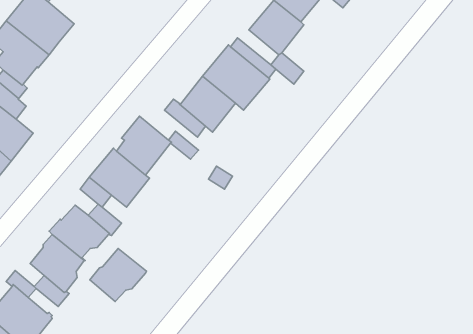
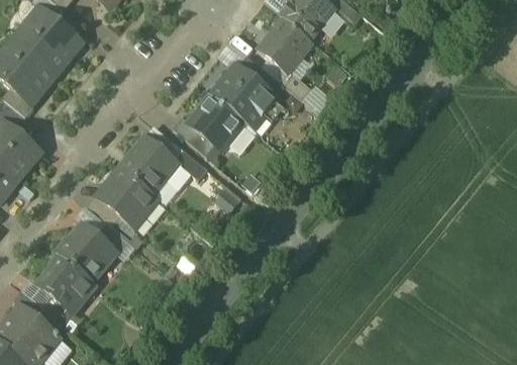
building: [90,249,146,302] -> none

